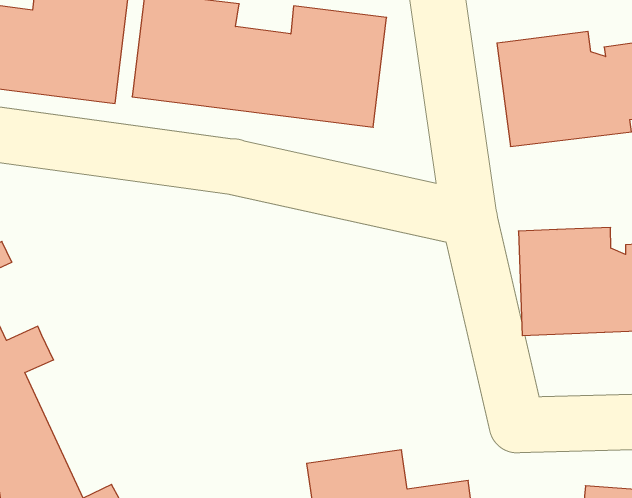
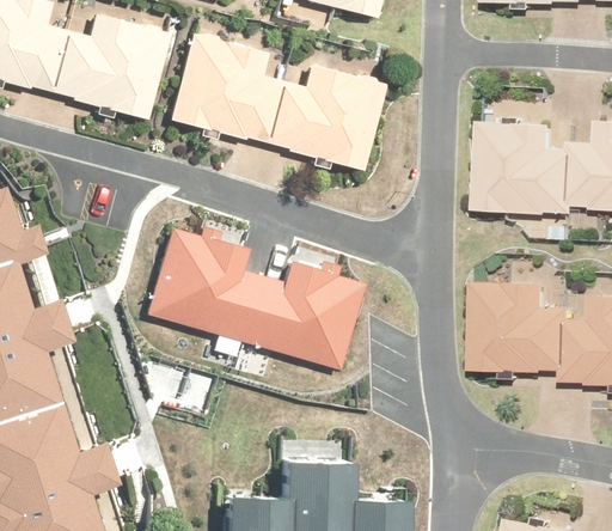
building: none -> [133,225,366,368]

